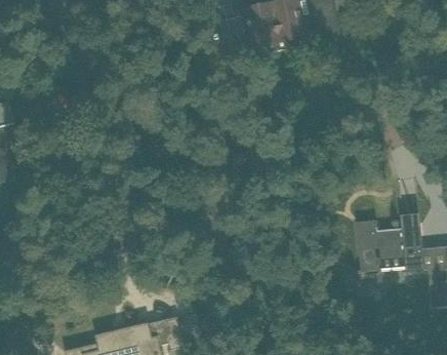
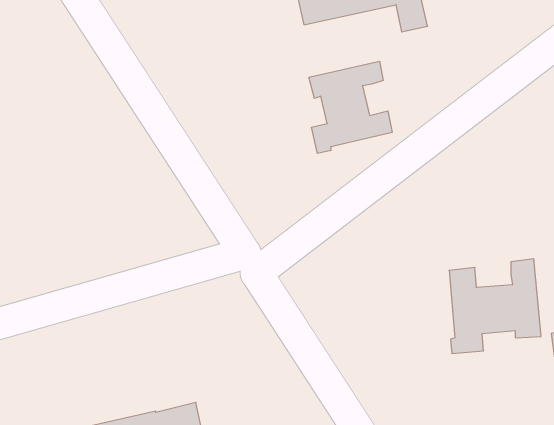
building: none -> [309,61,392,153]

